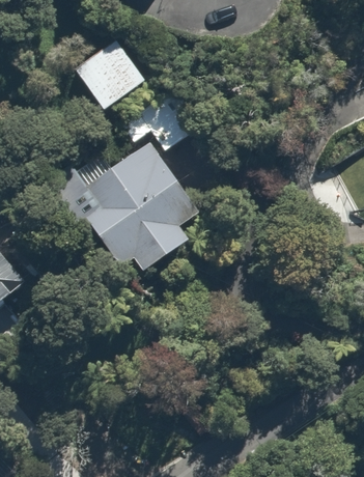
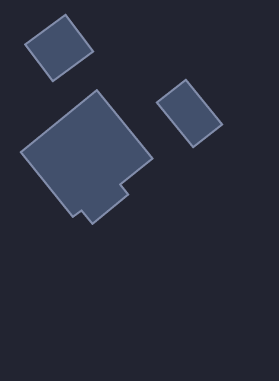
building: none -> [157,80,222,147]

